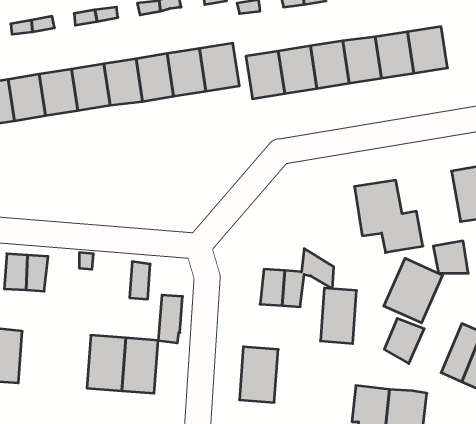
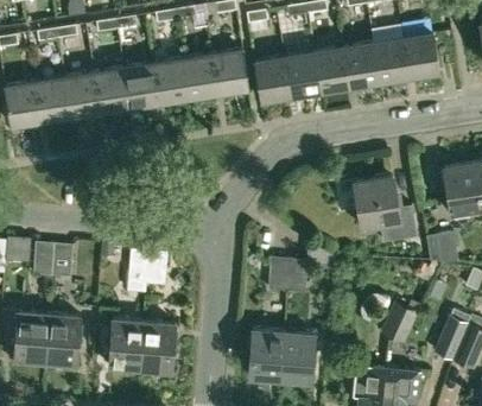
building: [384,258,443,323] -> none
building: [320,288,357,344] -> [281,330,315,381]
building: [158,295,183,343] -> [128,248,151,292]
building: none -> [46,313,81,363]

